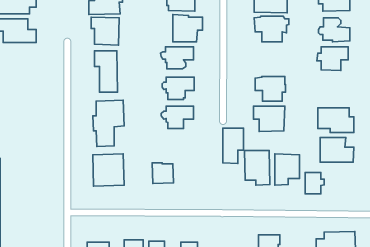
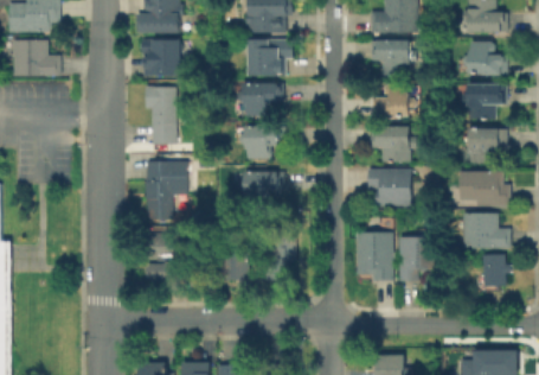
building: none -> [373,83,415,117]
building: none -> [470,128,509,161]
building: [223,128,244,164] -> [267,229,296,280]
building: [305,172,324,194] -> [488,255,515,286]

